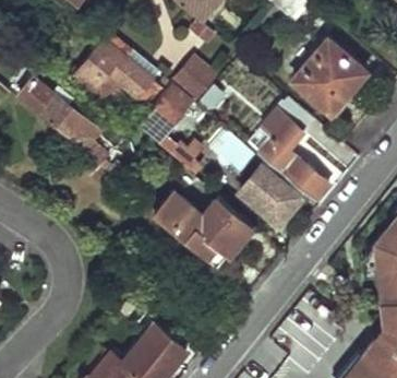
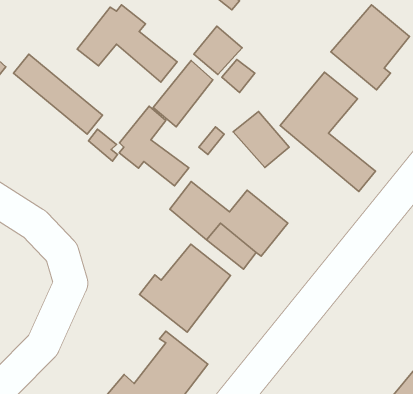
building: none -> [119,106,189,186]
building: [241,164,302,224] -> none
building: none -> [140,244,230,332]

